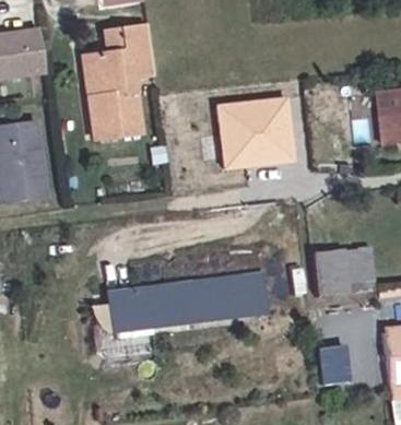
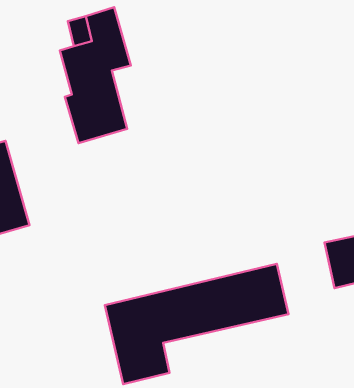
building: [214,97,292,165] -> none

